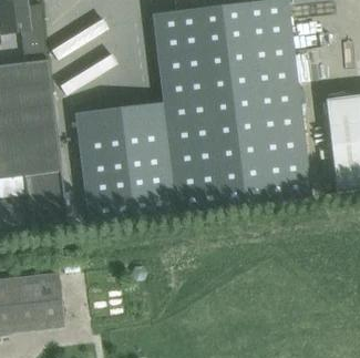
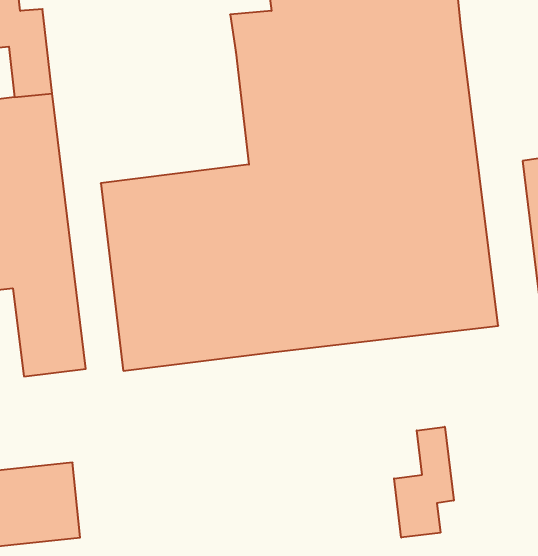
building: none -> [394,427,454,538]

